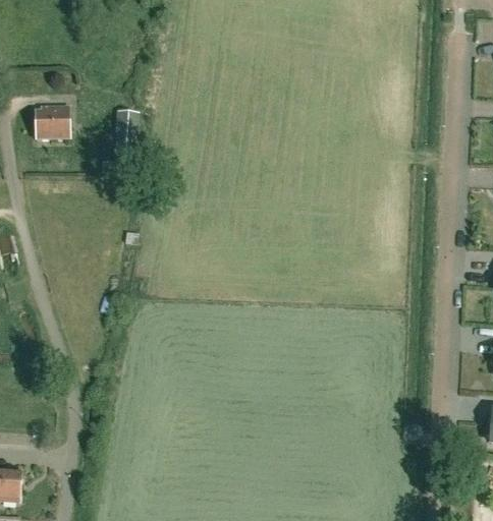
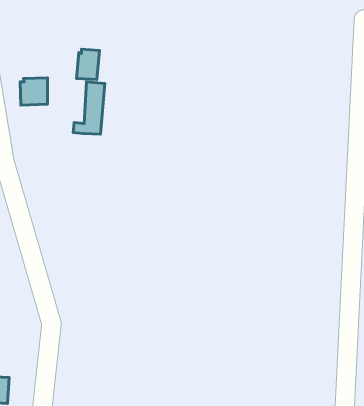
building: none -> [77,49,99,79]

